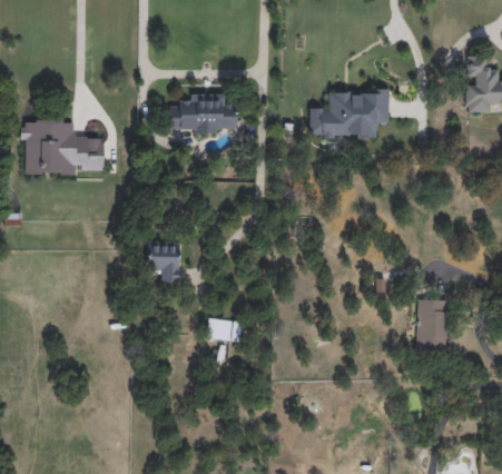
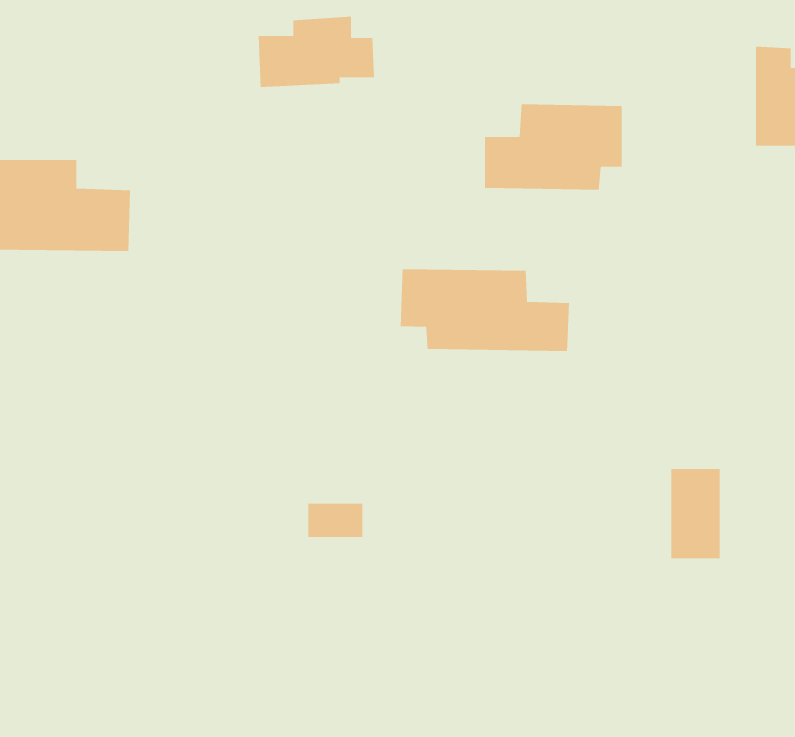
building: [170,92,238,134] -> [258,16,375,87]
building: none -> [400,268,569,352]
building: [147,240,179,283] -> none

